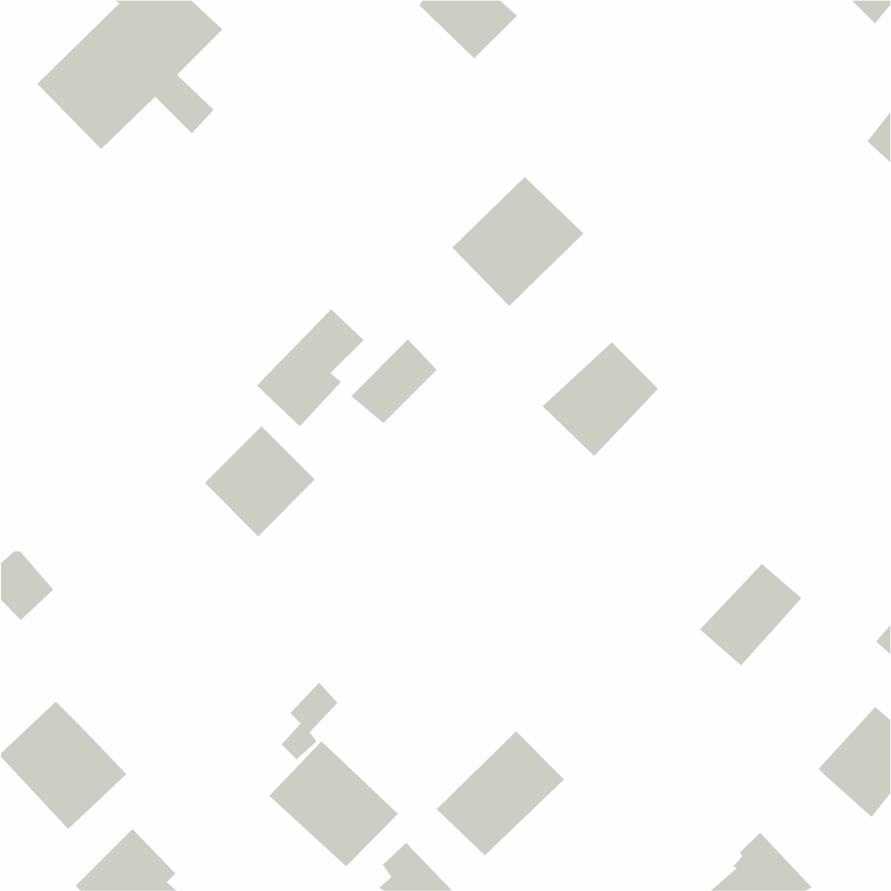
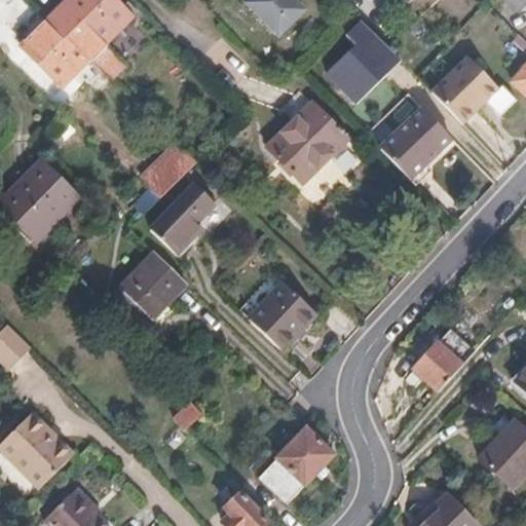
building: none -> [325,15,403,104]
building: none -> [429,60,496,126]
building: none -> [5,160,79,239]
building: [350,339,438,424] -> [143,144,194,194]
building: [542,342,659,457] -> [377,112,446,180]
building: none -> [249,283,315,349]
building: [268,741,399,867] -> none

